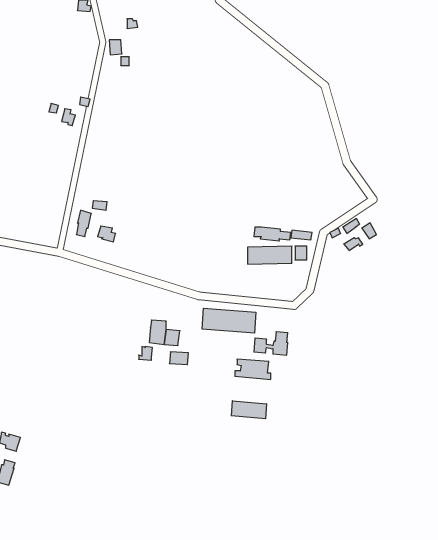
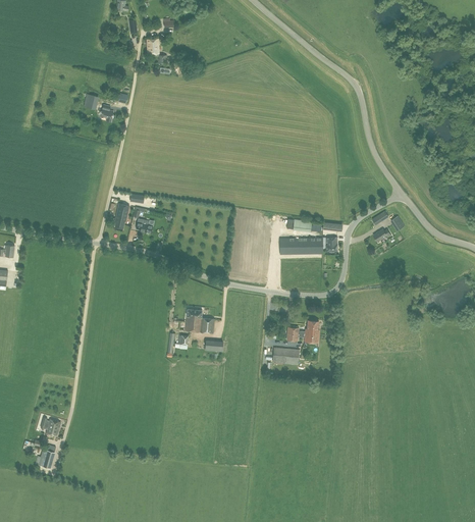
building: [202,308,256,333] -> none
building: [231,401,266,419] -> none

